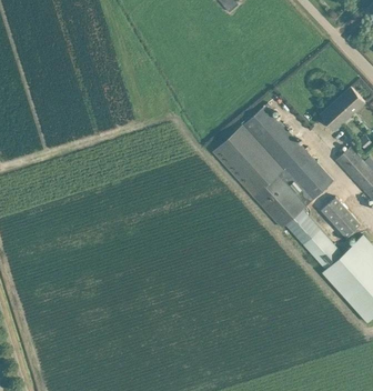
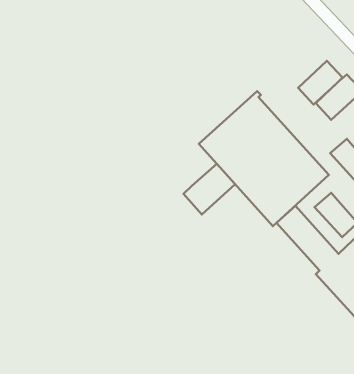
building: none -> [298,61,342,104]
building: none -> [183,164,235,214]

